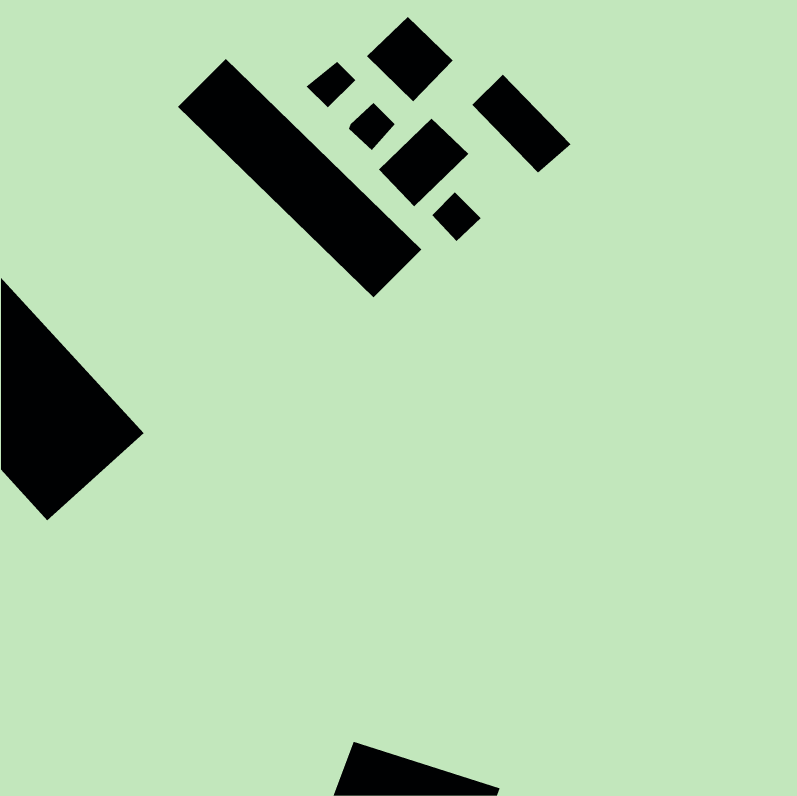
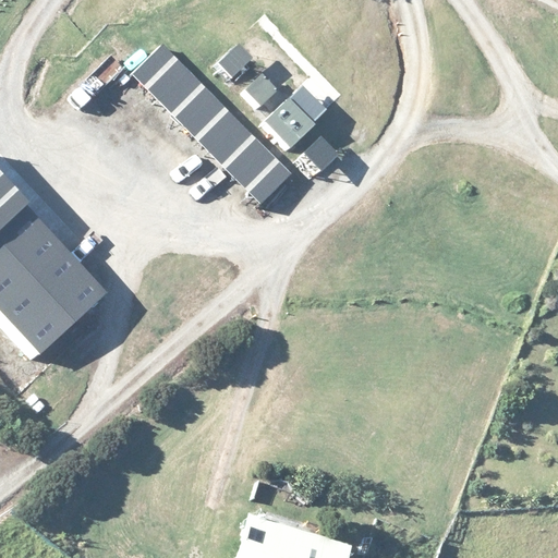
building: [366,16,453,102] -> none
building: [471,74,571,174] -> none

